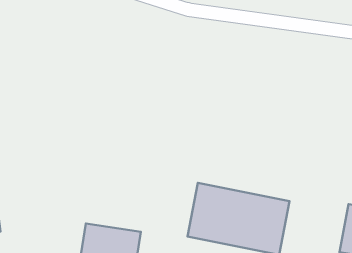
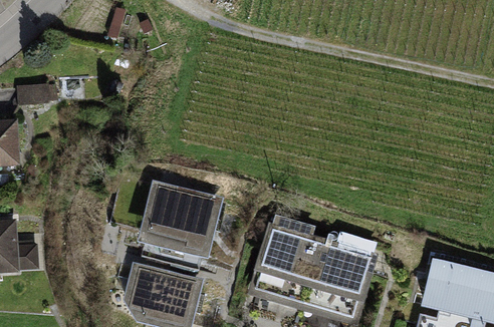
building: none -> [143,181,219,257]

